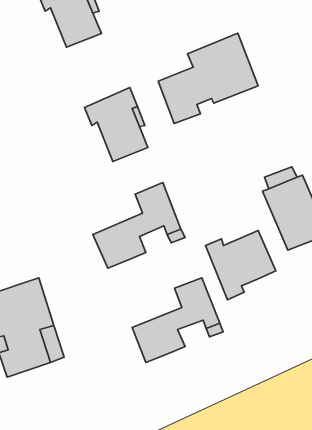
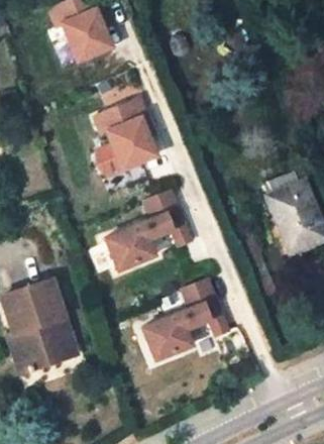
building: [158,33,258,124] -> none
building: [205,231,276,300] -> none

